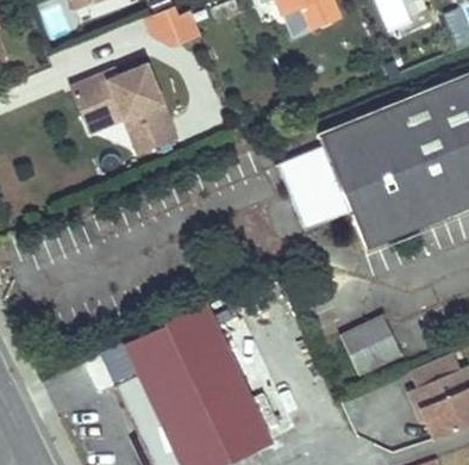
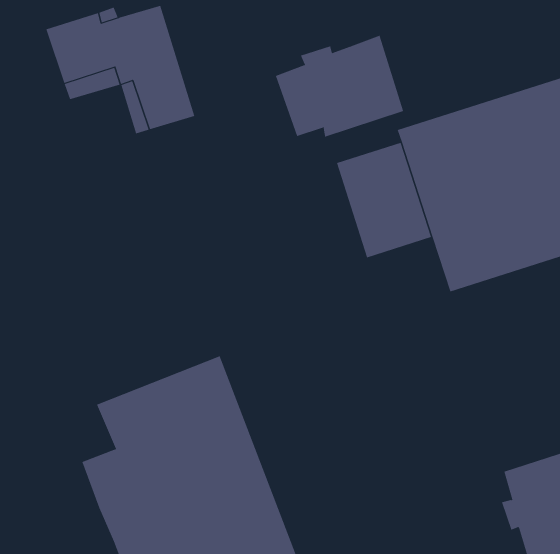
building: none -> [275,35,404,138]
building: [339,312,404,373] -> none

